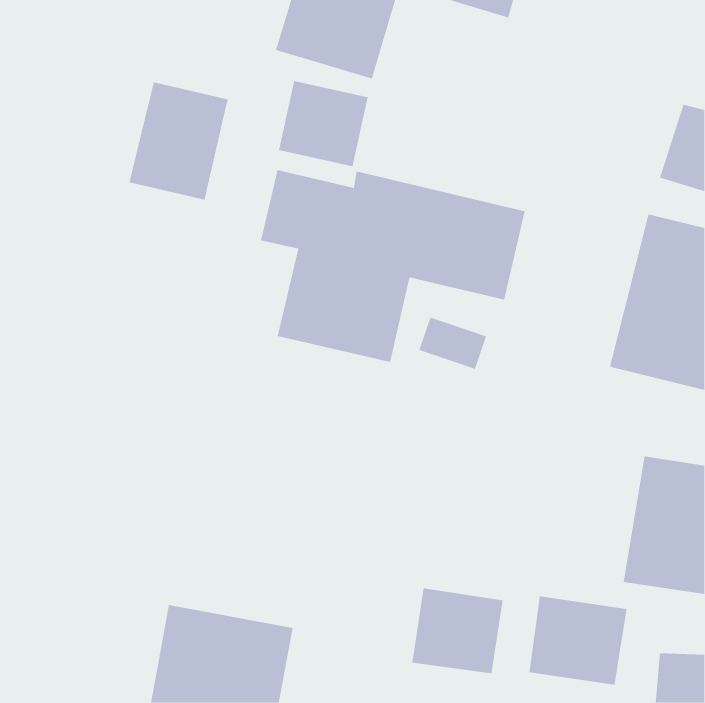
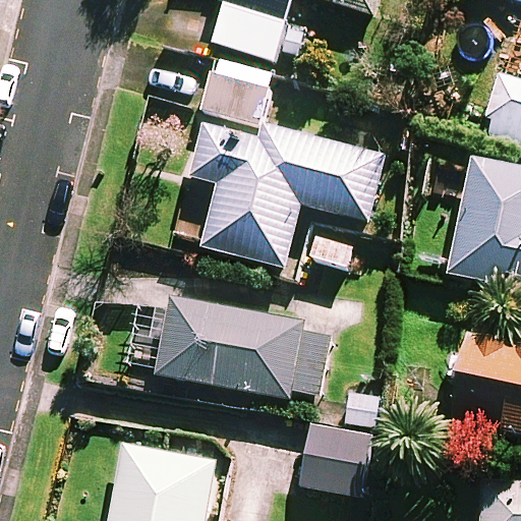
building: [129,82,228,200] -> none
building: none -> [156,297,332,401]
building: [529,596,627,685] -> none

